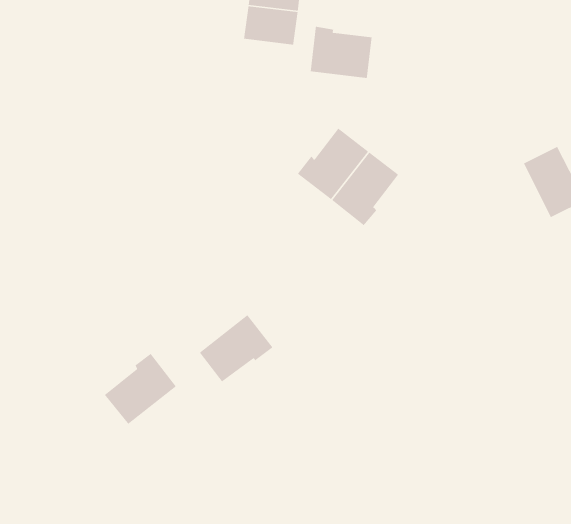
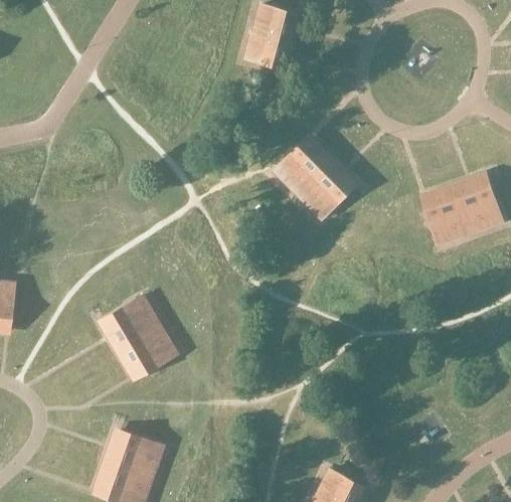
building: [310,26,372,79] -> none
building: none -> [424,185,470,242]
building: [199,314,274,383] -> [116,325,175,376]

